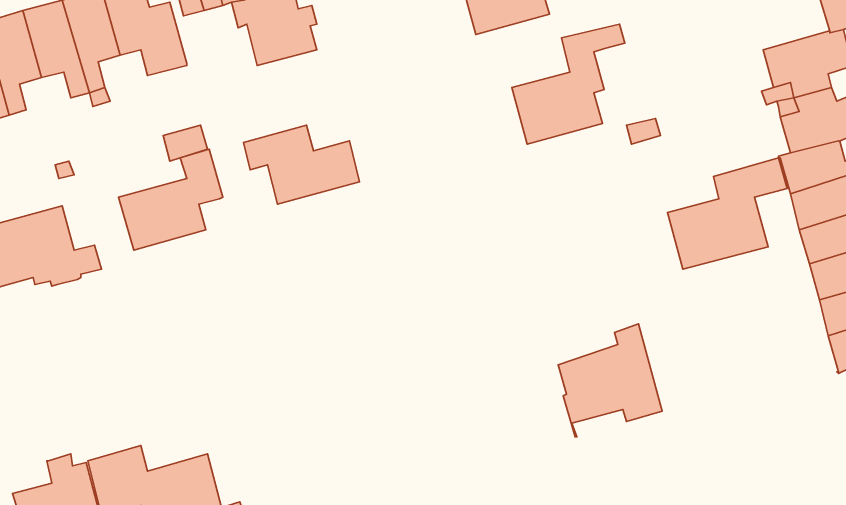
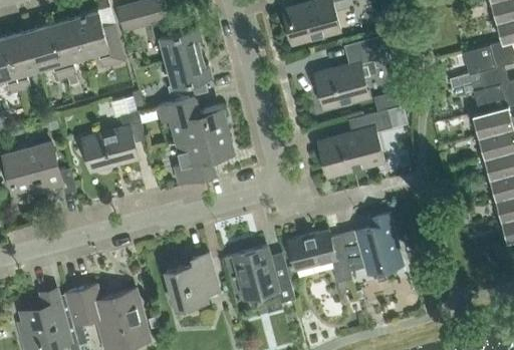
building: none -> [166,53,212,102]
building: [667,158,787,269] -> [321,110,392,176]
building: none -> [174,130,232,185]
building: none -> [288,230,352,284]
building: none -> [234,247,295,304]
building: none -> [166,254,219,308]

